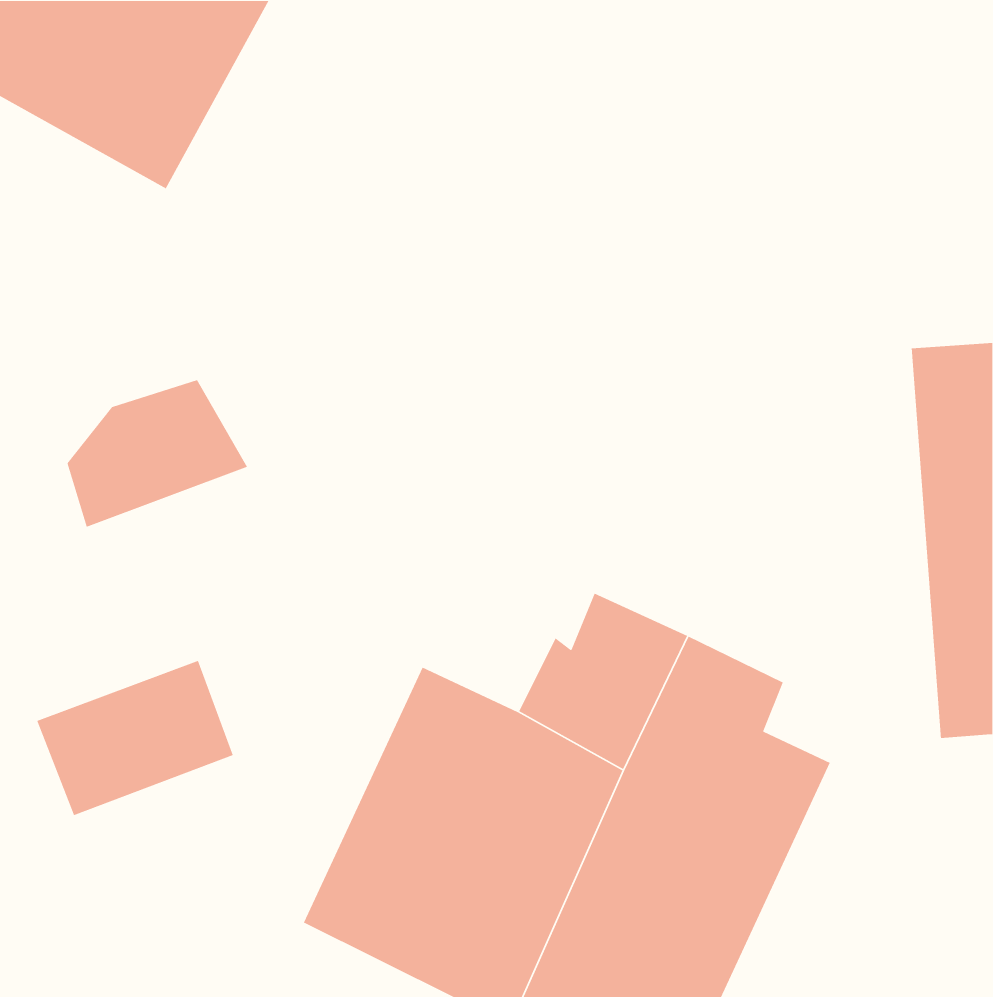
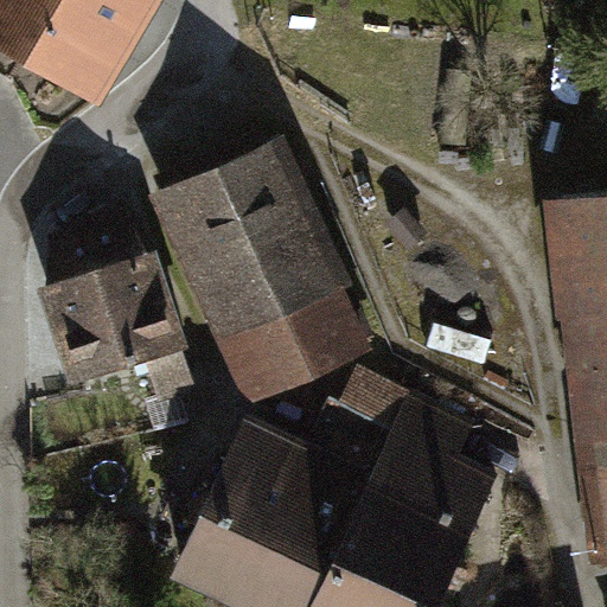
building: none -> [170,156,338,383]
building: [36,660,234,816] -> [52,285,172,379]

